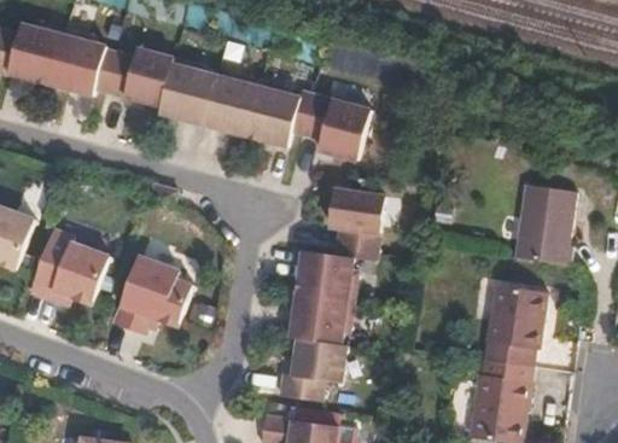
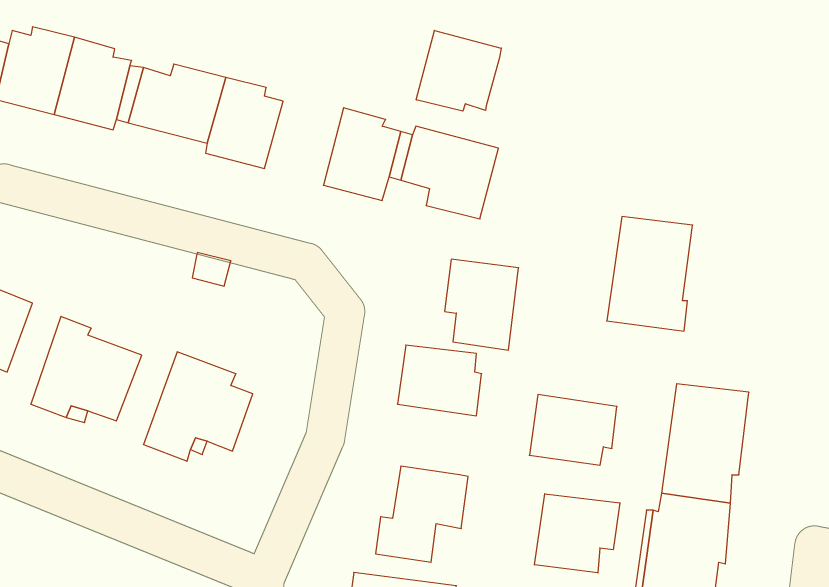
building: none -> [416,30,501,111]
building: [199,74,256,136] -> none
building: [513,180,575,262] -> [607,217,693,331]
building: [288,293,351,344] -> [529,395,617,465]
building: none -> [535,494,620,573]

